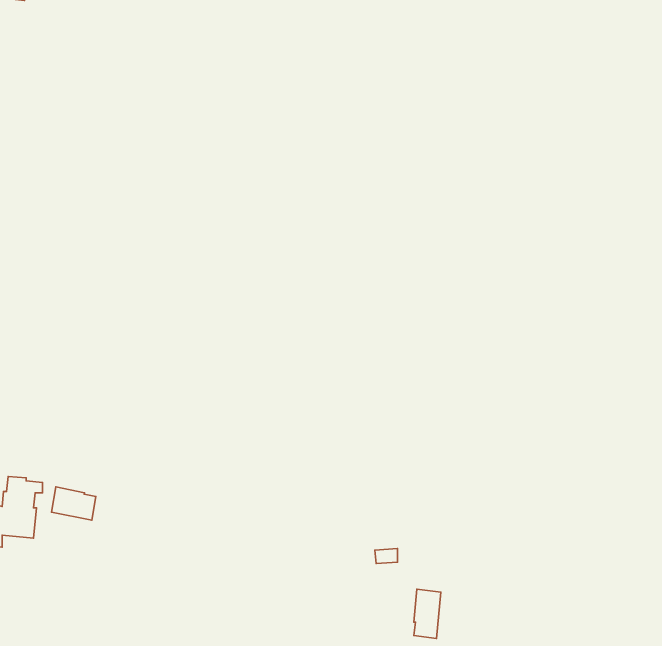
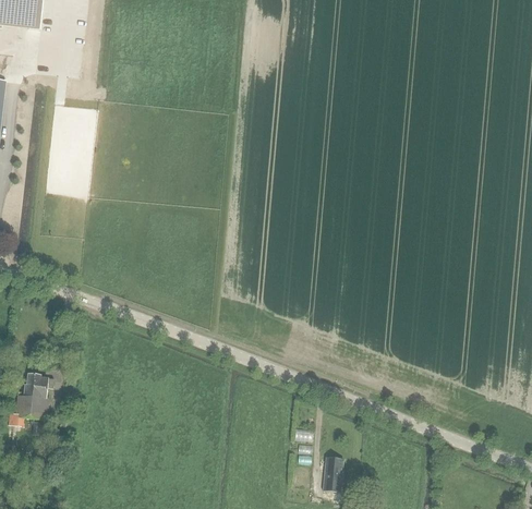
building: [51,487,96,520] -> none

